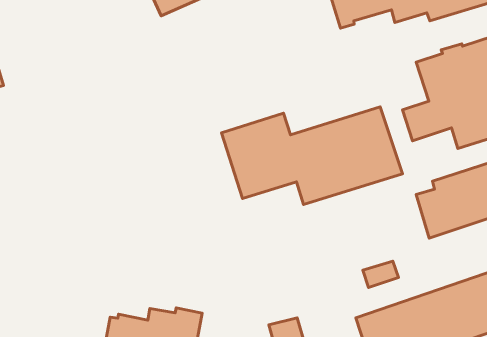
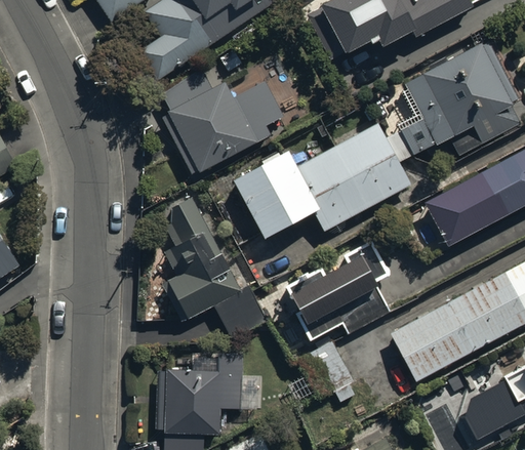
building: none -> [162,81,283,172]
building: none -> [164,197,268,338]
building: none -> [292,246,394,343]

